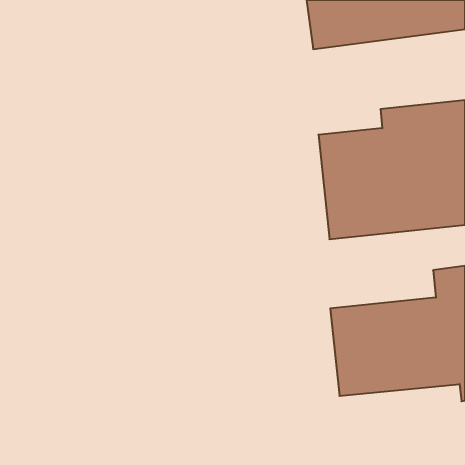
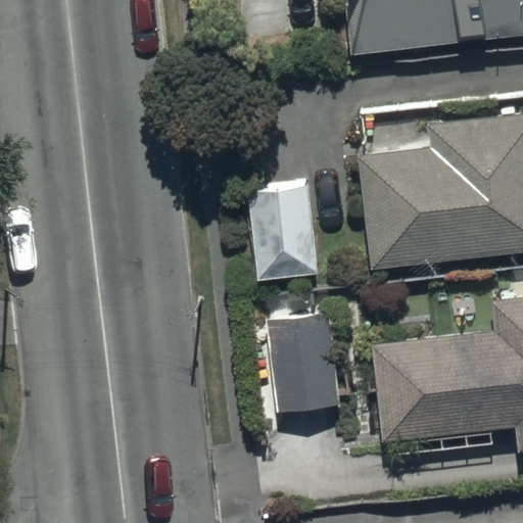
building: none -> [248,180,322,280]
building: none -> [268,310,338,414]

